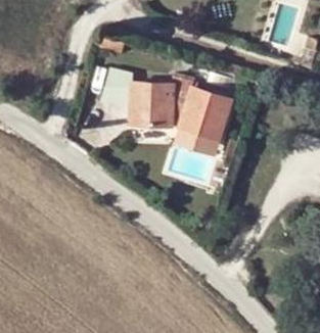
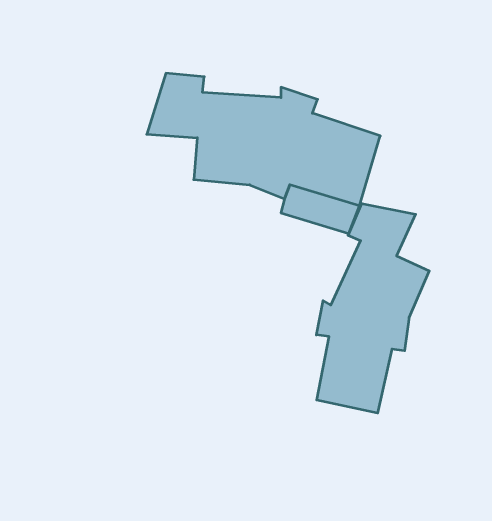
building: none -> [316,204,429,413]

